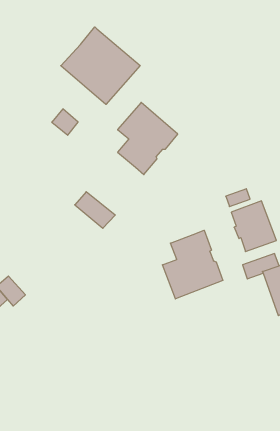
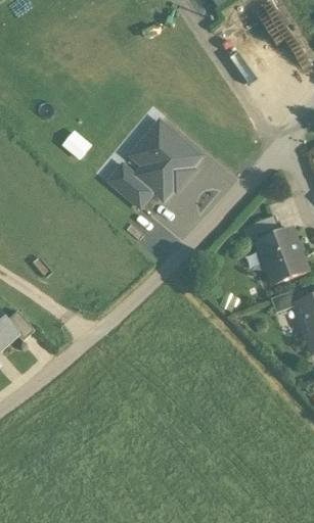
building: [61,27,140,104] -> none
building: [75,192,115,228] -> [109,165,153,205]
building: [162,230,223,299] -> none

